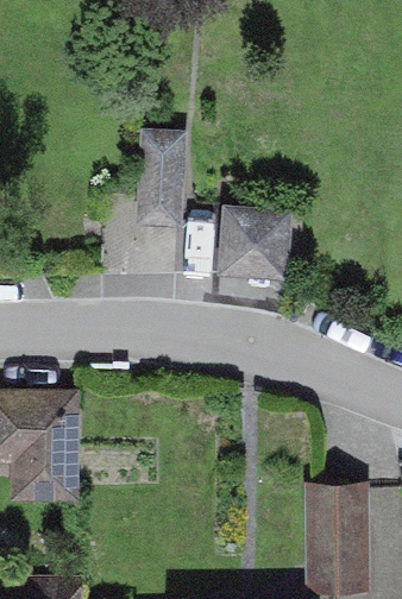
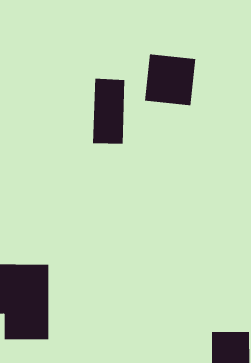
building: [216,203,291,278] -> [144,54,196,106]

